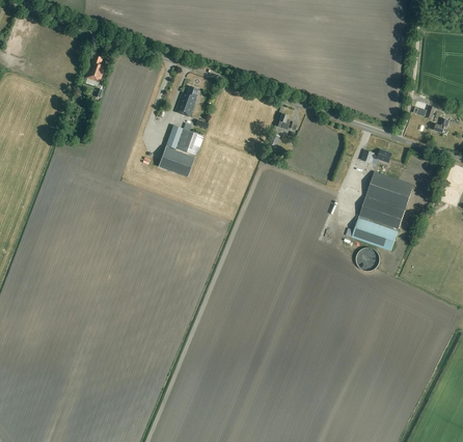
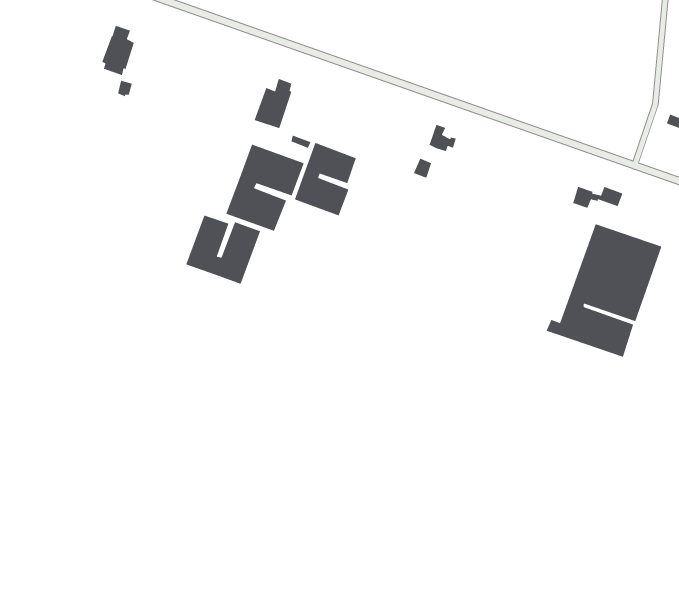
building: none -> [294,142,357,217]
building: none -> [185,215,261,285]

